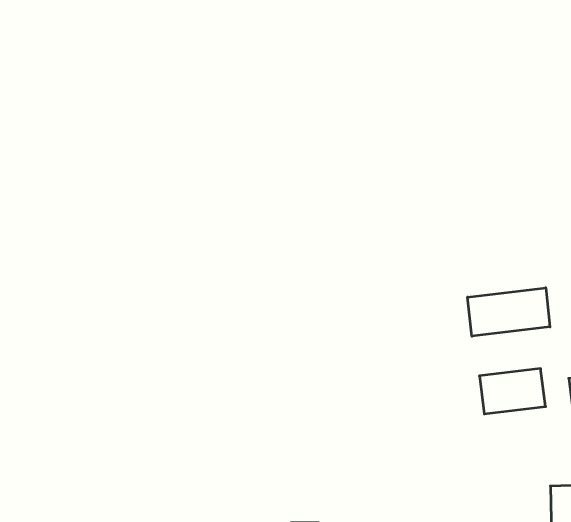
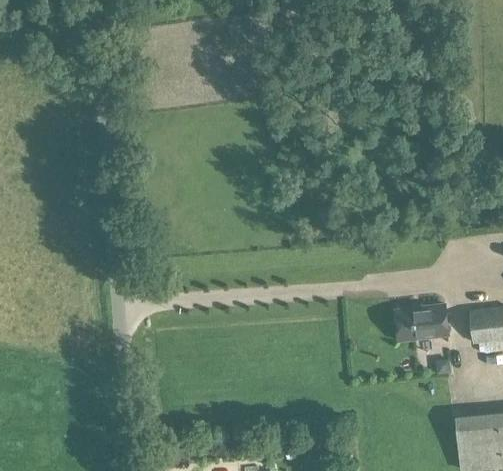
building: [468,288,550,336] -> none

